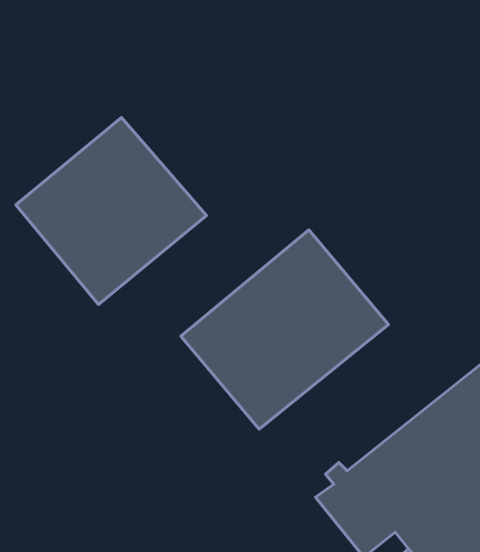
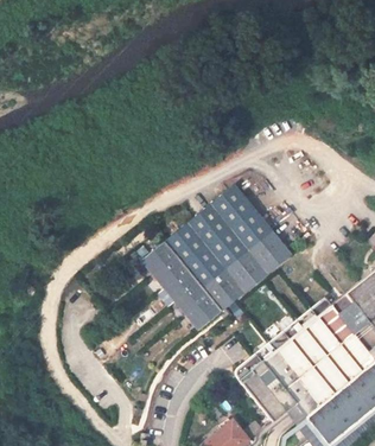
building: [16,117,207,304] -> none

